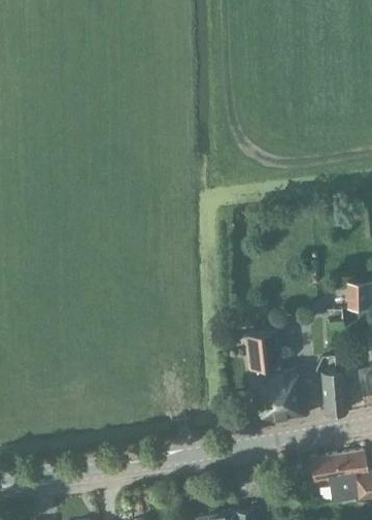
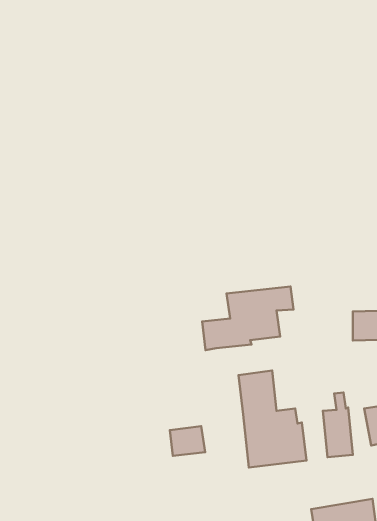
building: none -> [202,287,294,350]
building: none -> [170,426,205,456]

